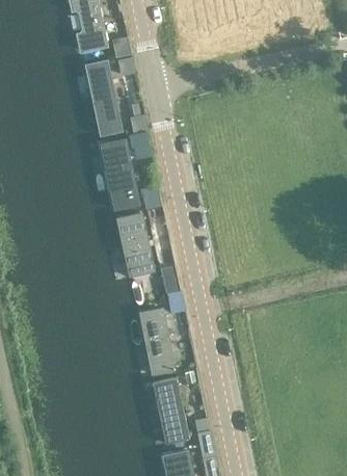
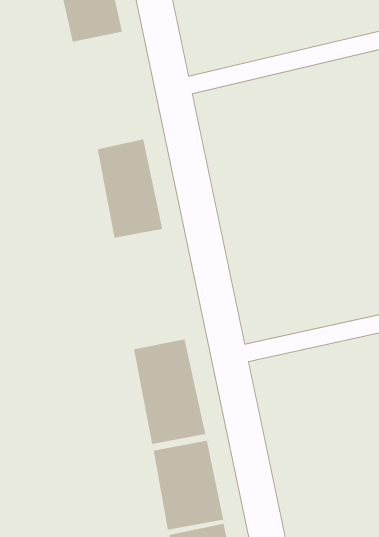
building: [81,48,137,135] -> none
building: [115,205,170,293] -> none

